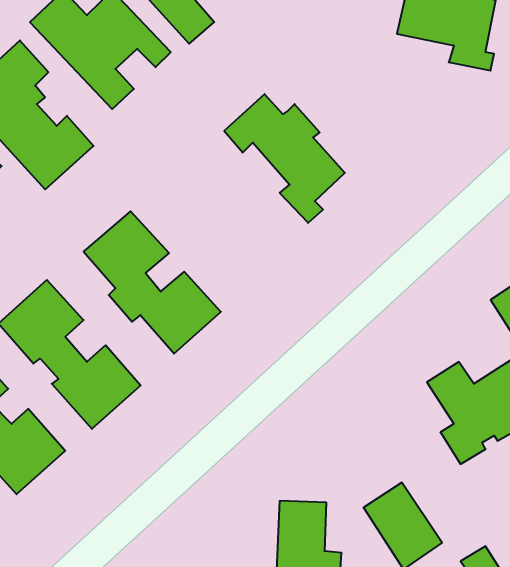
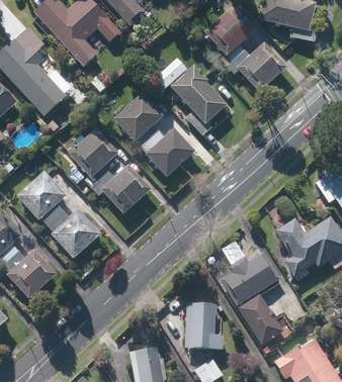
building: none -> [202,6,287,94]
building: none -> [111,92,195,178]
building: none -> [219,240,281,307]

